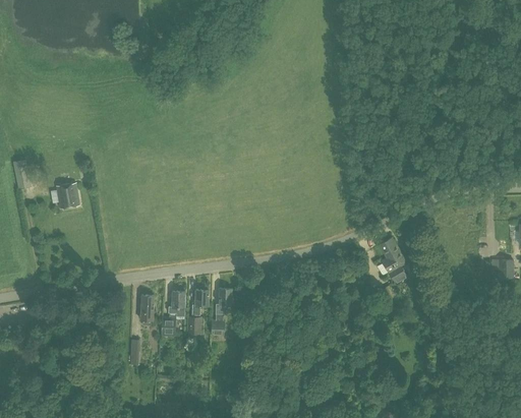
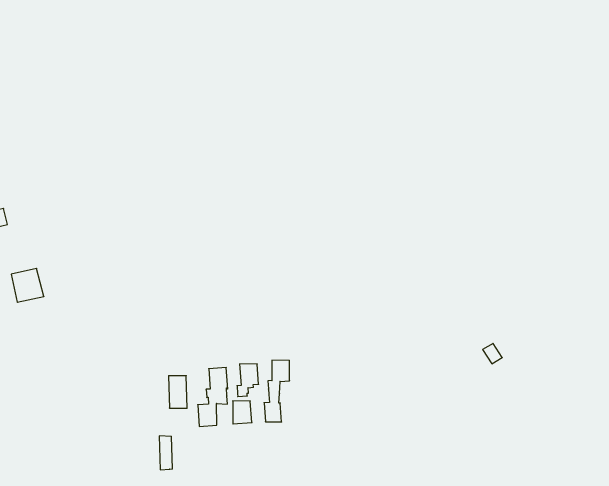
building: [56,183,79,207] -> [11,268,44,302]
building: [378,237,406,283] -> none

